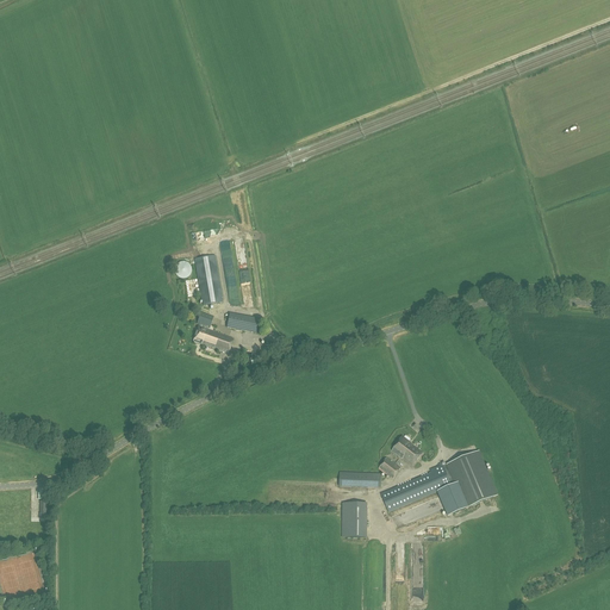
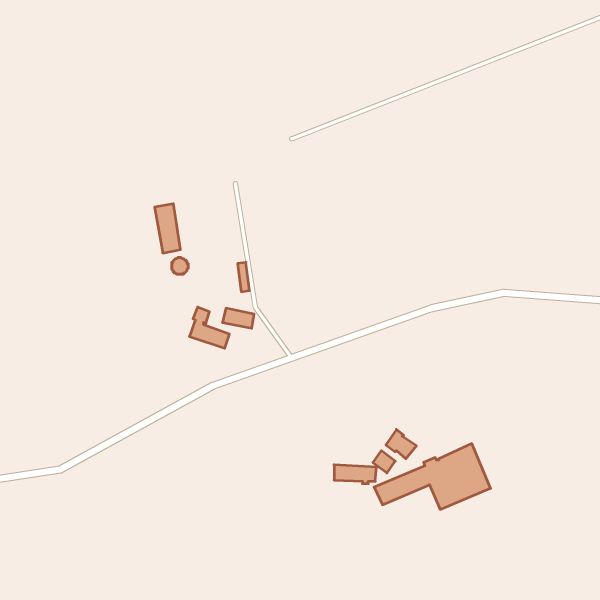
building: [194,255,220,305] -> [155,204,180,253]
building: [342,502,367,536] -> none

